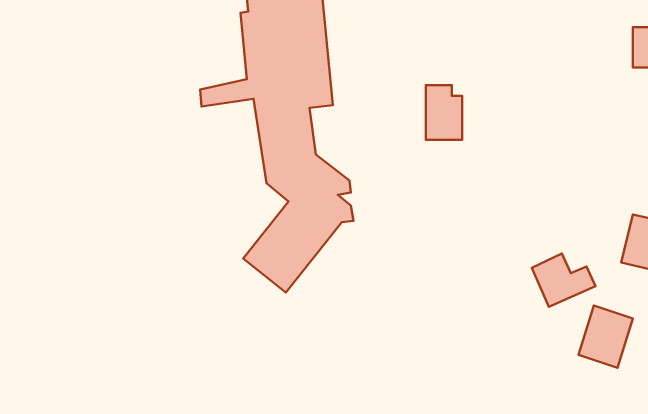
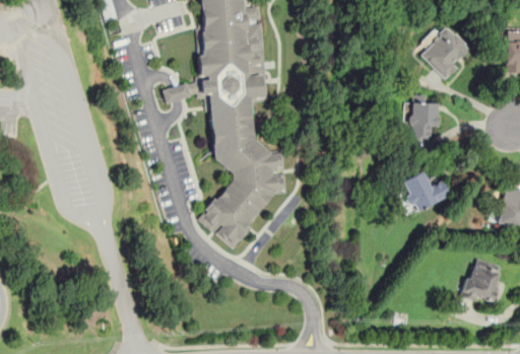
building: none -> [417,24,473,80]
building: [426,85,462,140] -> [408,95,437,138]
building: [532,254,596,307] -> [401,171,451,213]

